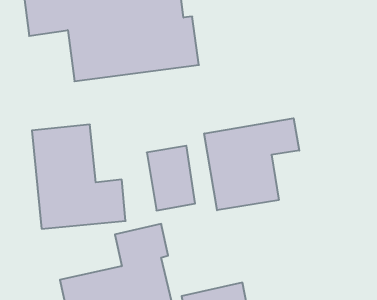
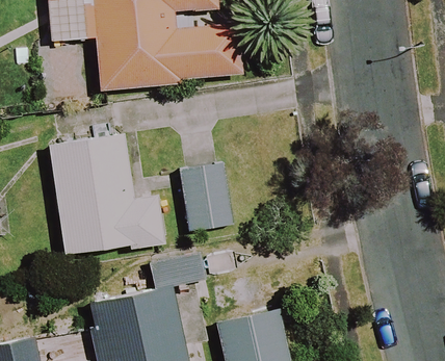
building: [204,118,299,210] -> none

